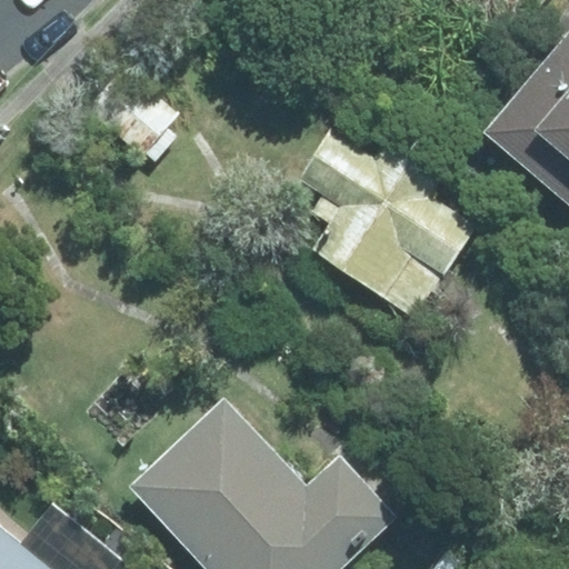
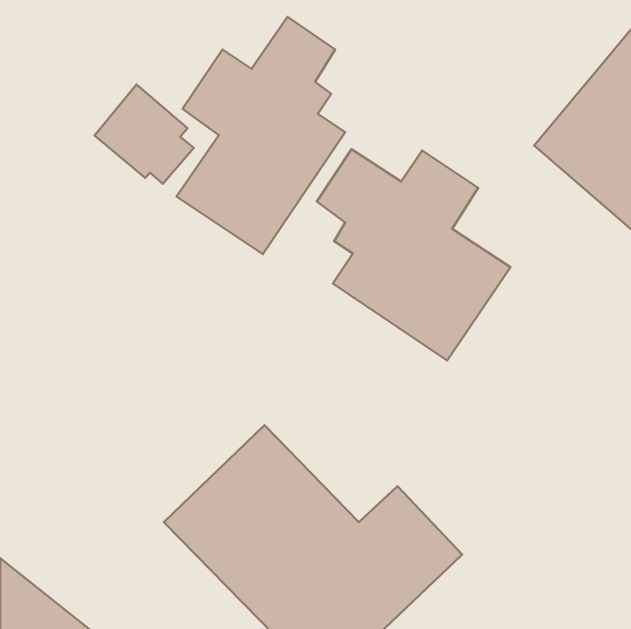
building: none -> [177,17,345,254]

